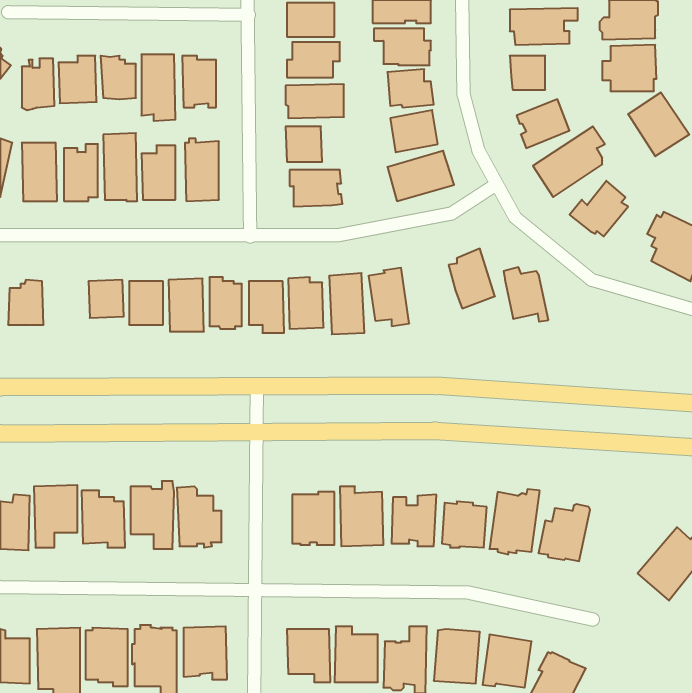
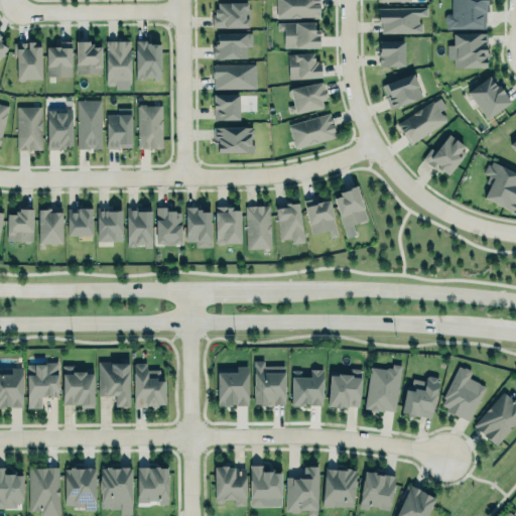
building: [504,267,548,322] -> [305,198,339,238]
building: none -> [39,207,62,245]
building: none -> [442,365,487,420]

